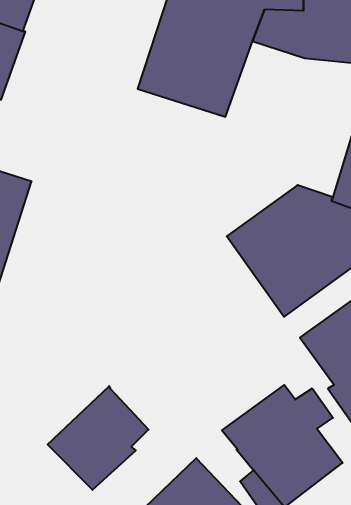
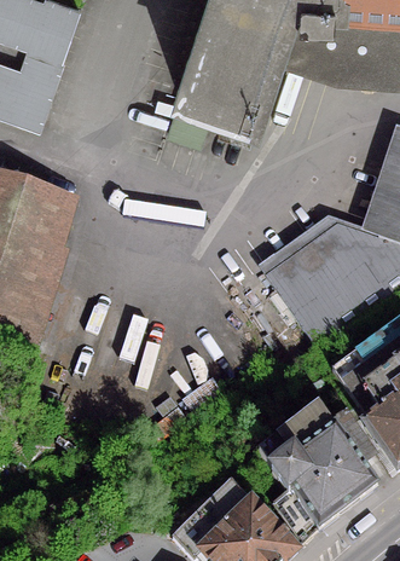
building: [48,386,149,490] -> none

